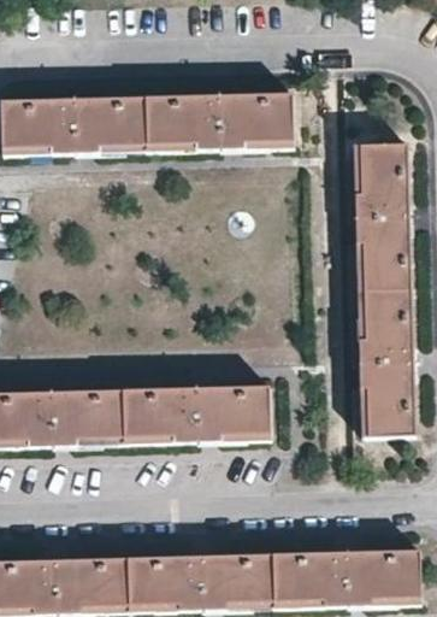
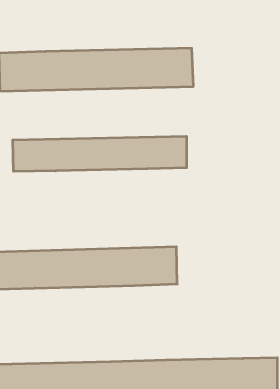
building: [353,143,415,439] -> none
building: none -> [13,136,187,171]

